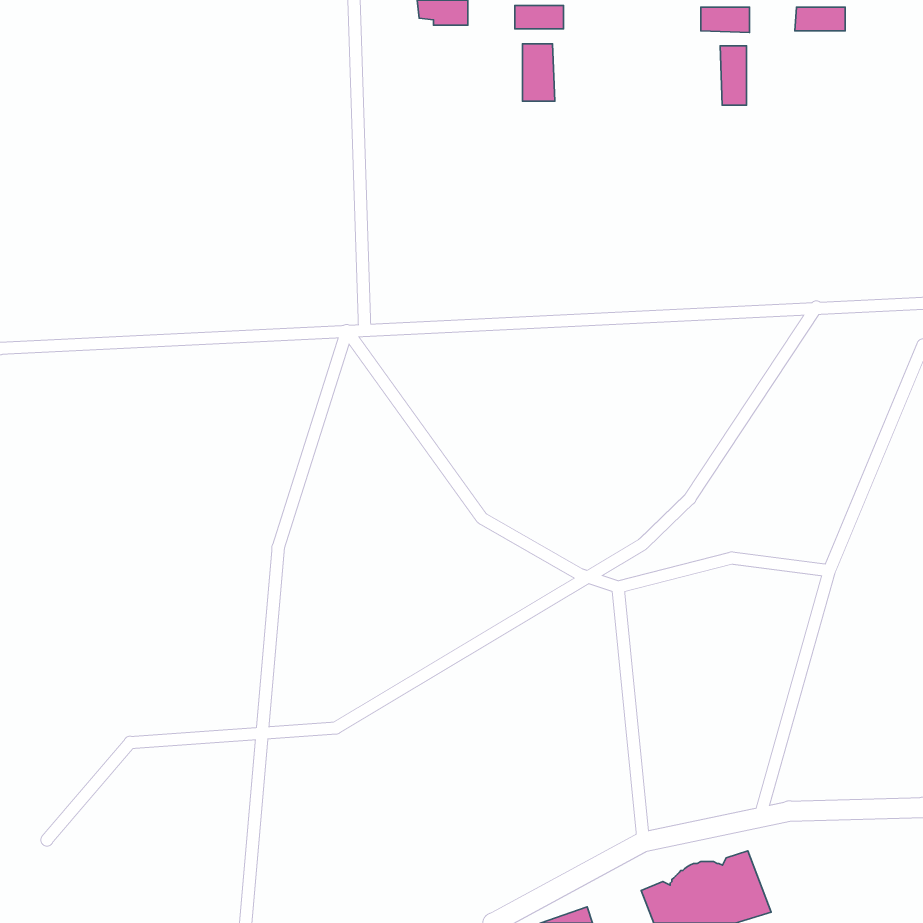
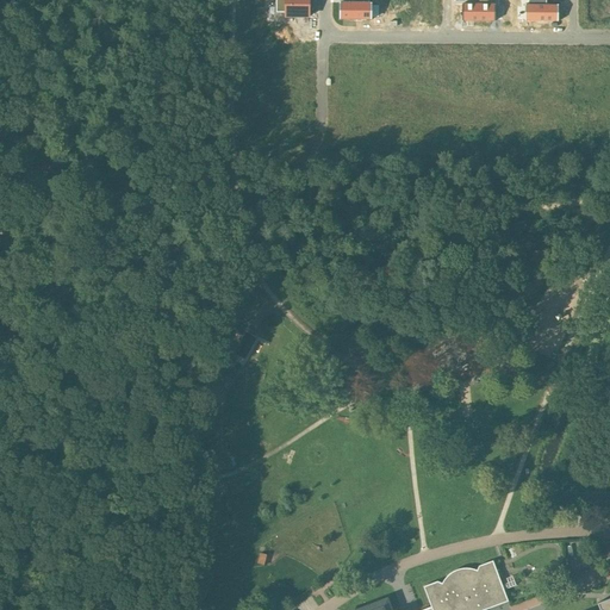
building: [523,44,555,101] -> none
building: [720,46,747,105] -> none

